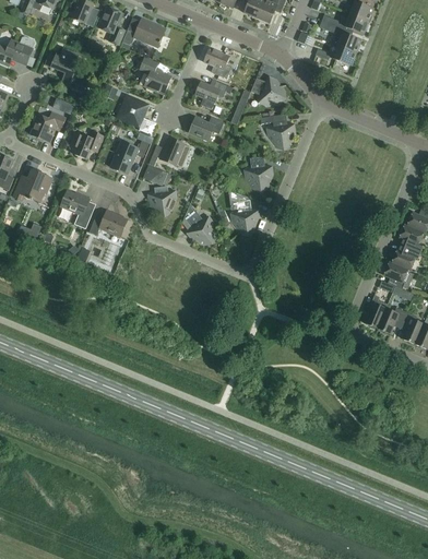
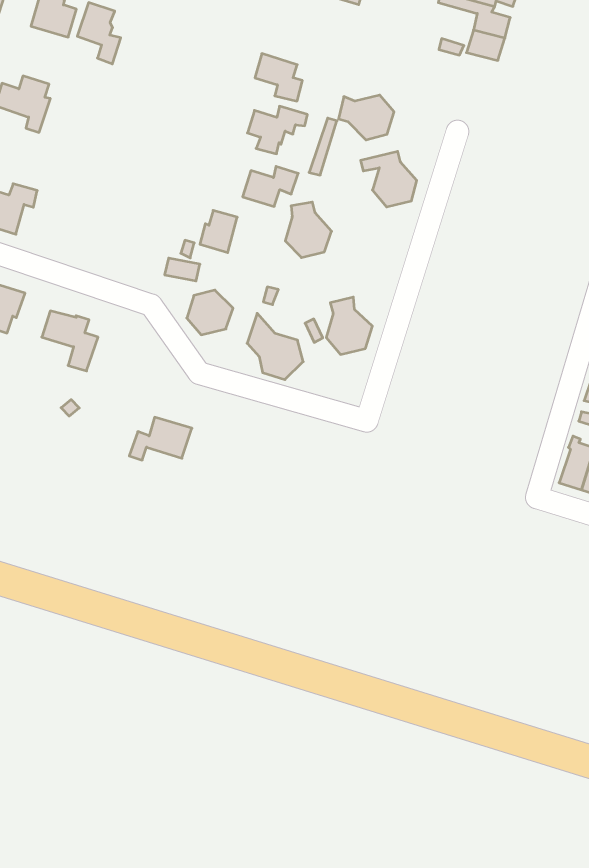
building: [122,17,165,47] -> none
building: [139,57,171,94] -> none
building: [118,96,147,124] -> none
building: [70,131,103,158] -> none
building: [110,140,148,174] -> none
building: [245,156,273,189] -> [285,202,332,258]
building: [88,210,128,236] -> [129,417,192,460]

